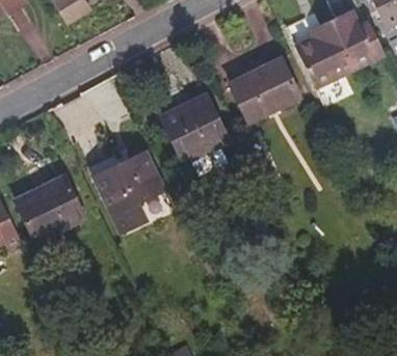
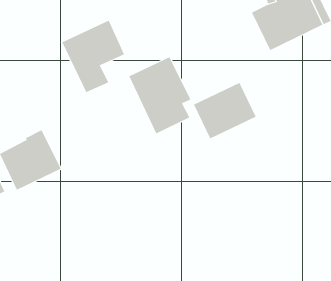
building: [230,57,300,120] -> [193,82,257,139]
building: [94,149,164,230] -> [61,20,125,93]

